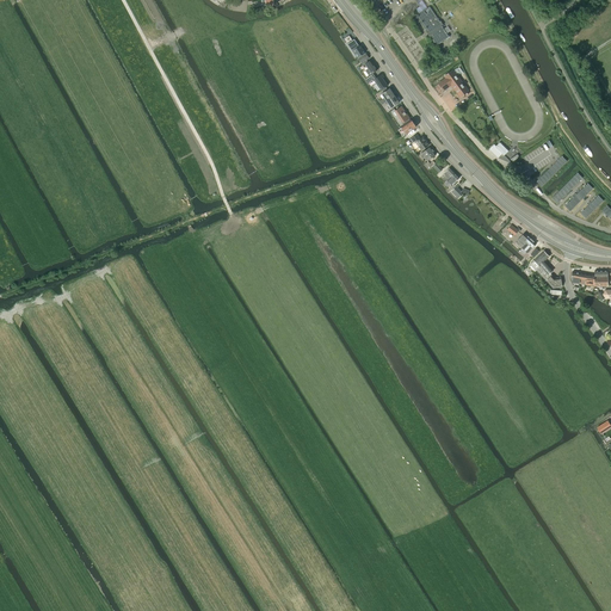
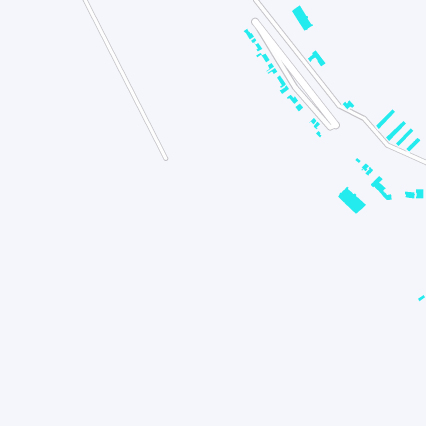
building: none -> [337,185,367,215]

